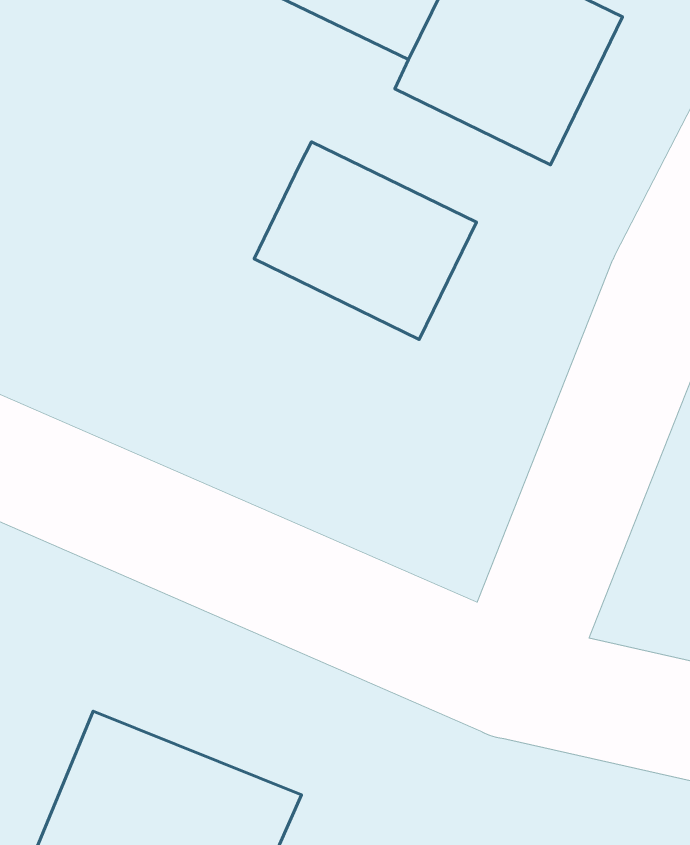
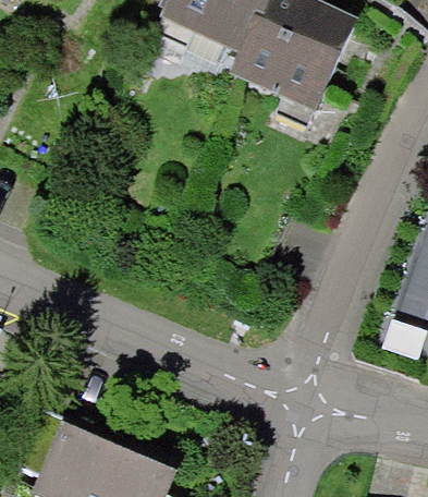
building: [254,142,476,339] -> none

